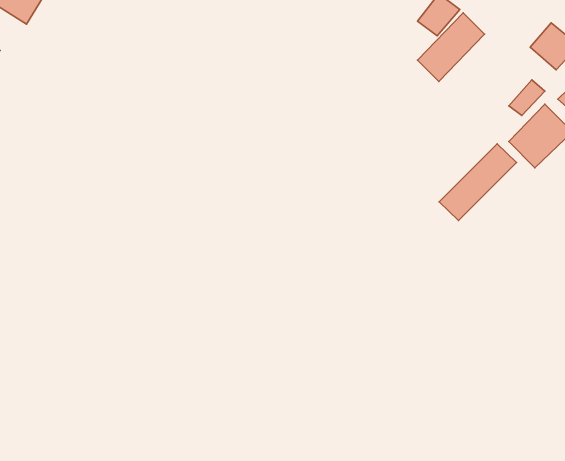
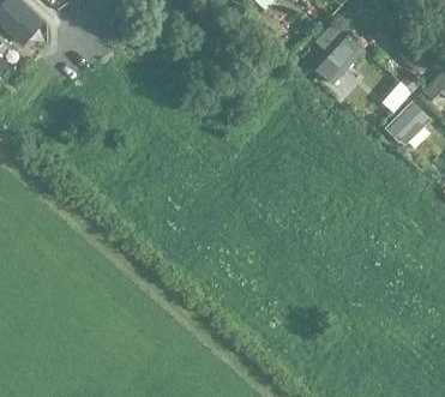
building: [439,144,517,220] -> none

